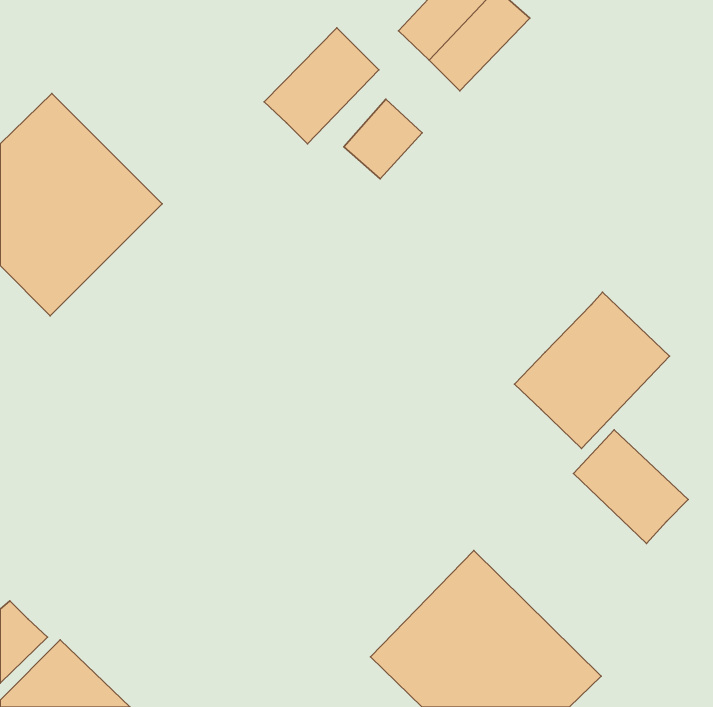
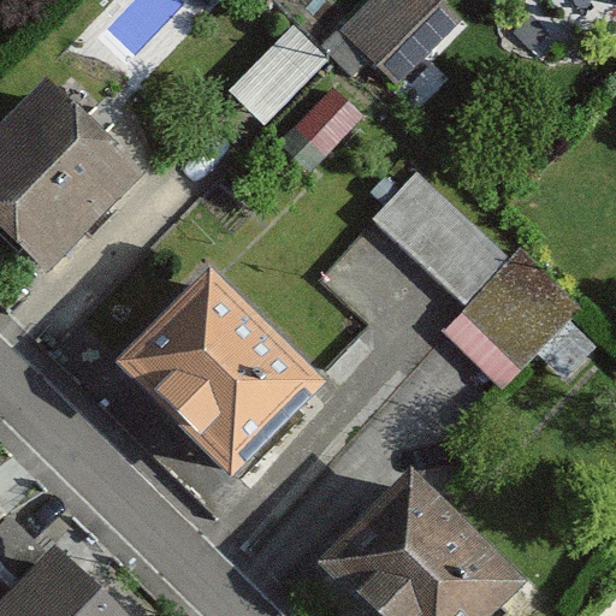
building: none -> [375,172,510,303]
building: none -> [117,272,320,475]
building: [574,430,688,544] -> none

